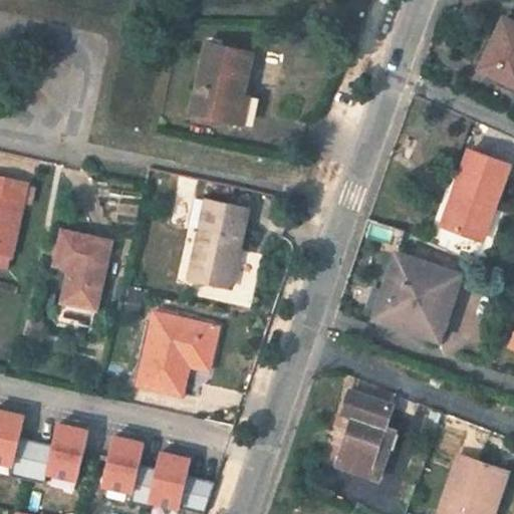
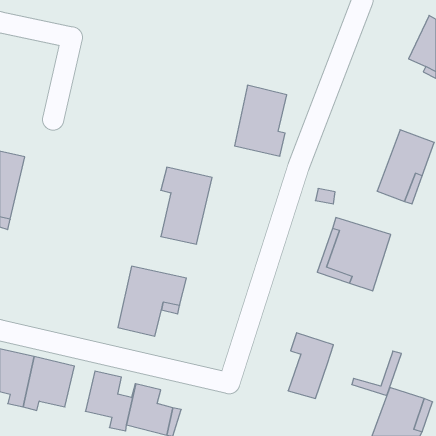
building: [192,43,253,126] -> [235,85,287,156]
building: [56,231,112,309] -> none
building: [336,428,395,480] -> [352,351,401,395]

